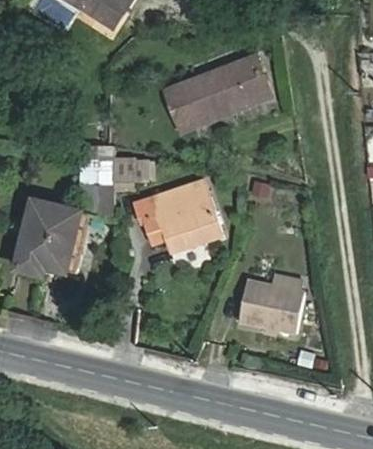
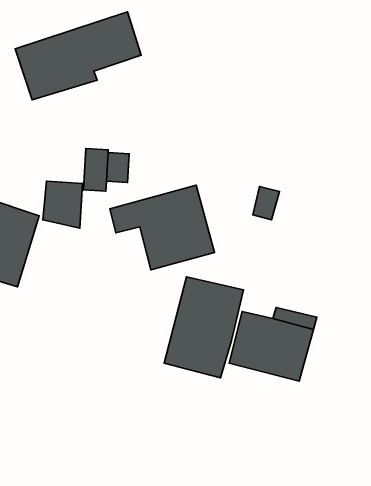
building: [165,56,266,131] -> [15,12,141,100]
building: none -> [164,277,243,378]

